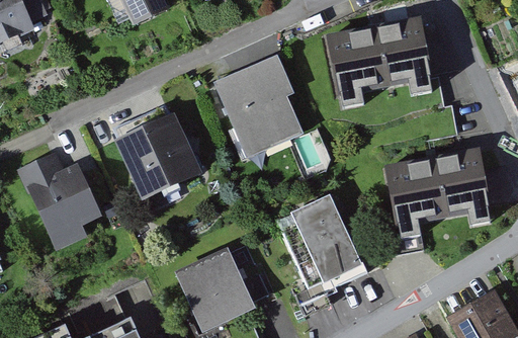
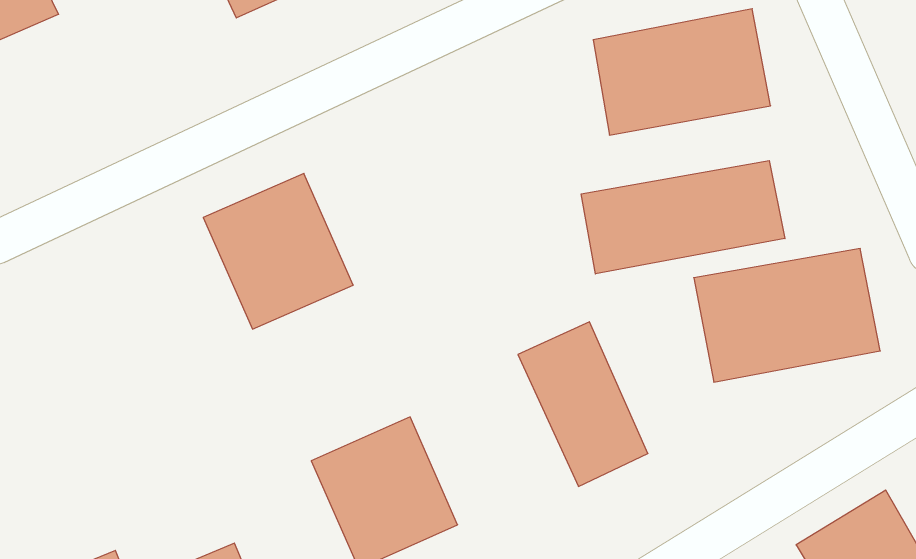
building: [213,58,301,156] -> none
building: none -> [581,161,785,274]
building: [21,154,101,253] -> none

